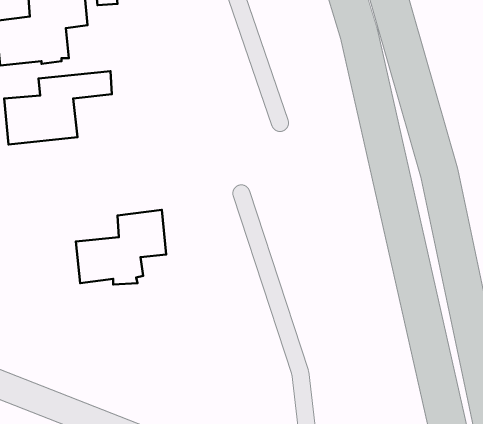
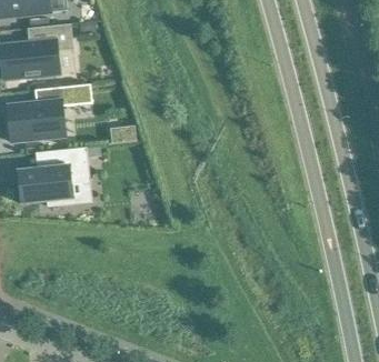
building: [76,210,166,285] -> [18,147,88,204]

